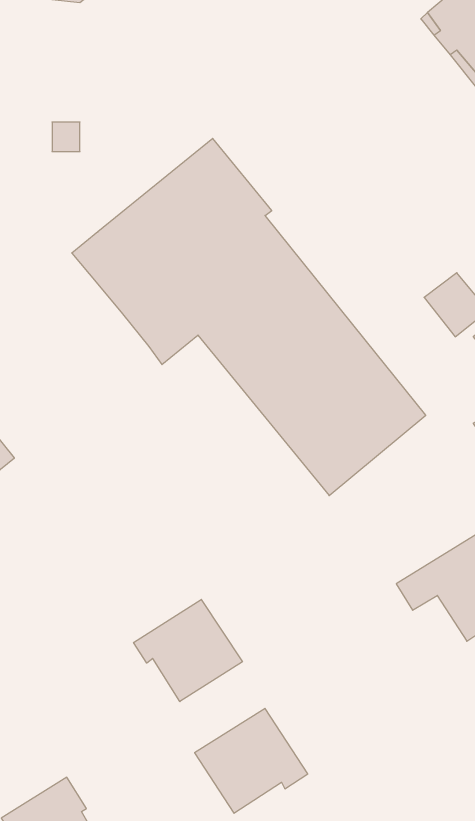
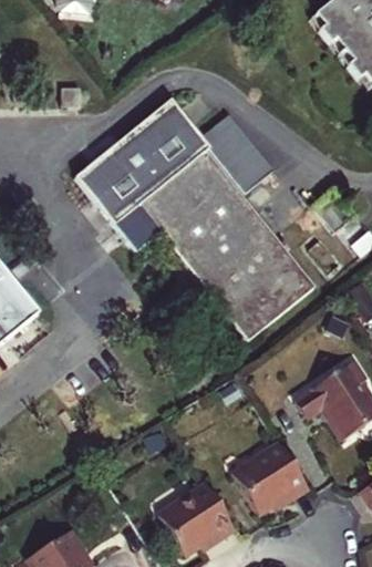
building: none -> [202,111,273,189]
building: [134,599,242,702] -> none
building: none -> [232,441,309,512]

